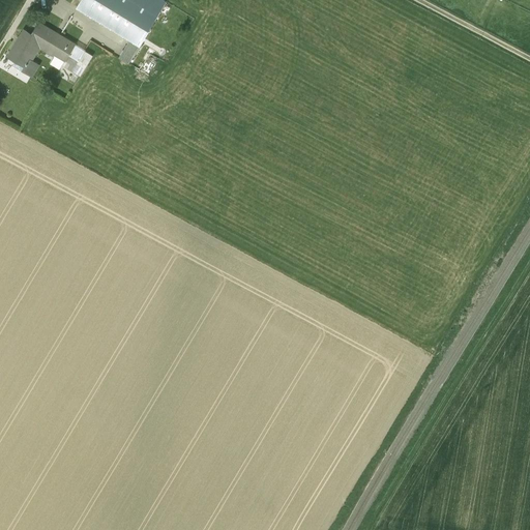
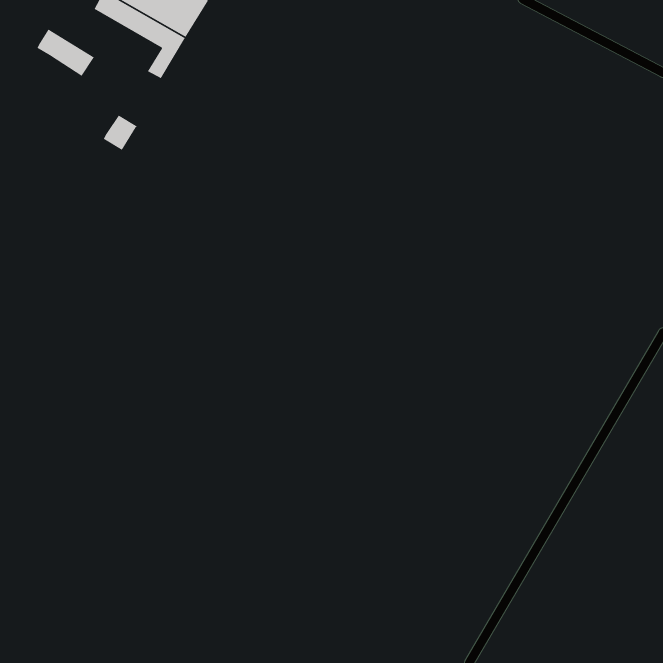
building: [6,28,39,75] -> none
building: [63,46,91,75] -> [103,114,138,151]

